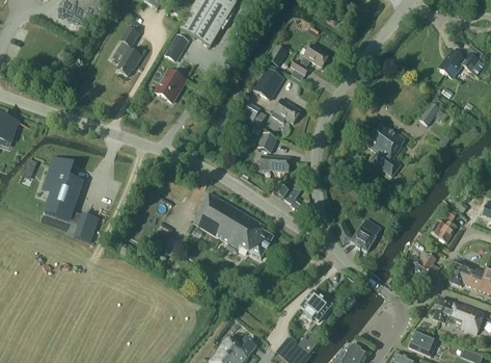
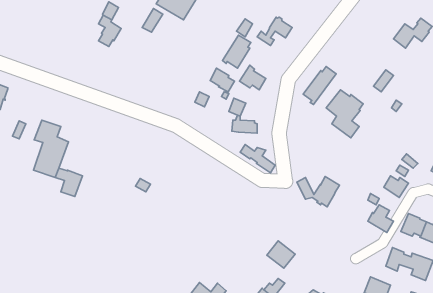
building: [156,70,185,102] -> none
building: none -> [303,66,336,104]
building: [193,192,273,259] -> none

